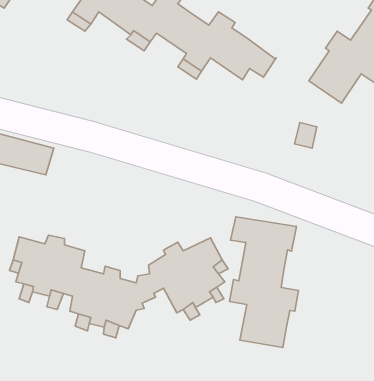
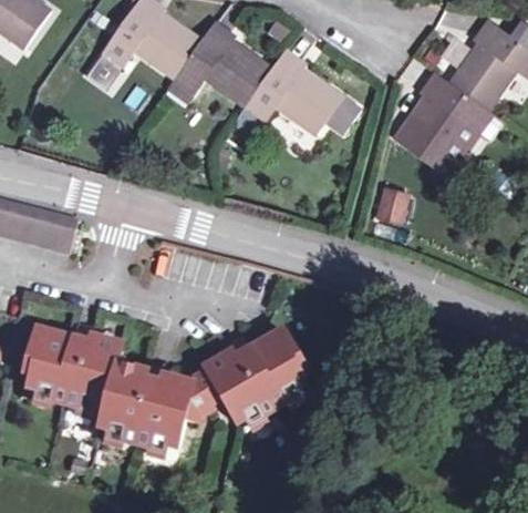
building: [230,217,298,347] -> none

